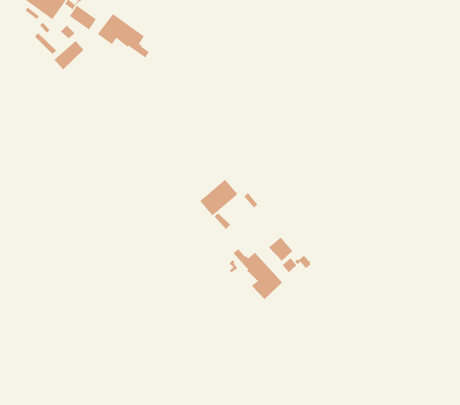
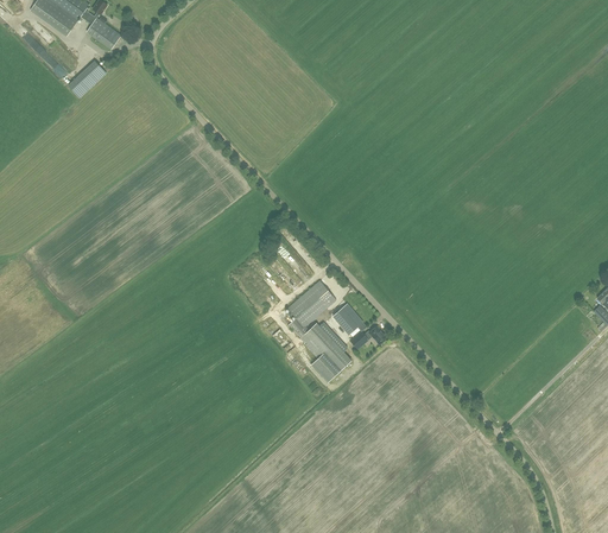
building: [97,13,150,58] -> none
building: [199,179,239,216] -> [287,280,336,326]

